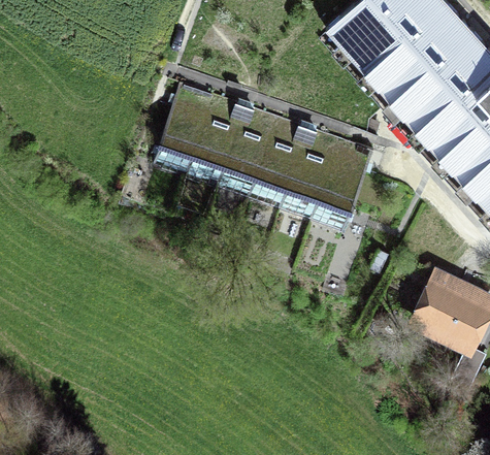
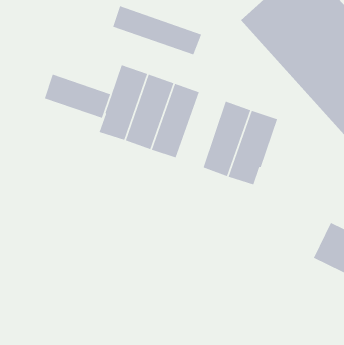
building: none -> [112,5,202,56]
building: none -> [44,73,111,119]
building: [247,115,306,207] -> none

